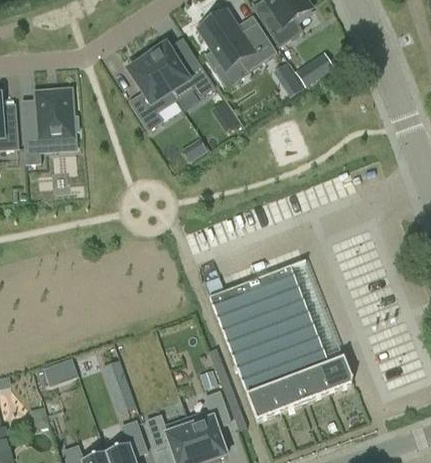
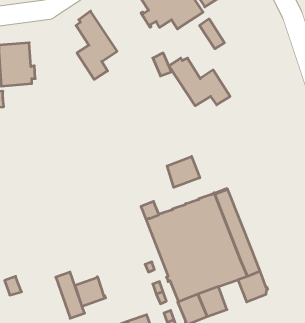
building: [144,42,217,99] -> [169,58,230,106]
building: [296,51,334,87] -> none
building: none -> [167,156,200,187]
building: none -> [75,277,106,306]
building: [295,368,328,404] -> none

